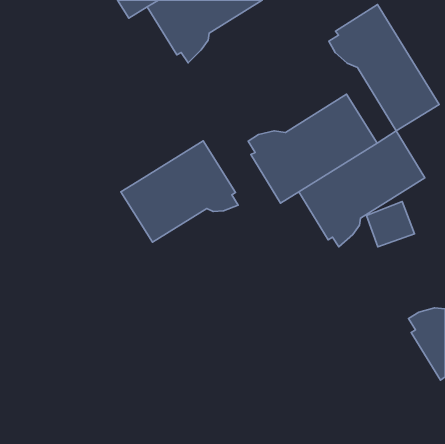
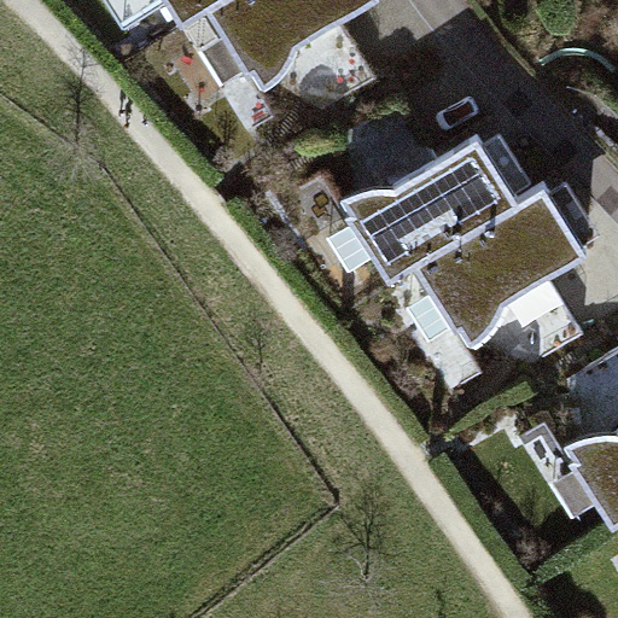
building: [329,5,439,131] -> none
building: [121,141,238,242] -> none

